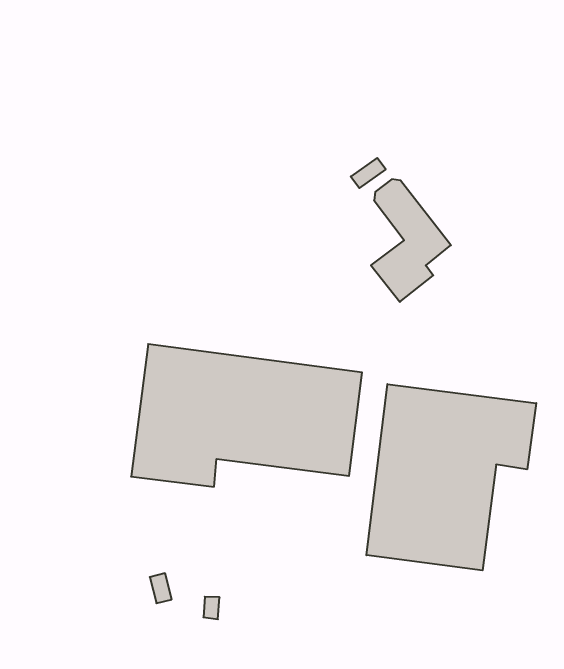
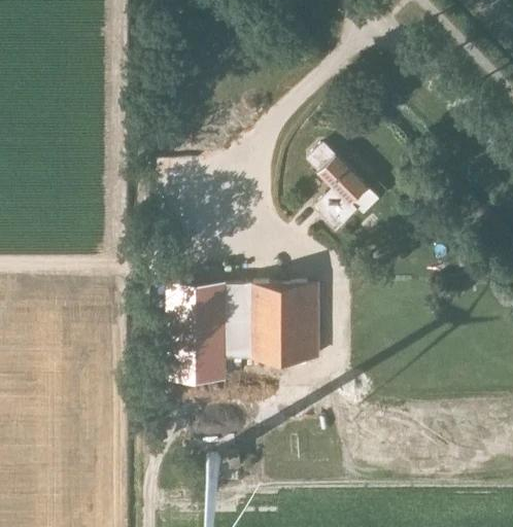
building: [366,384,536,570] -> none

